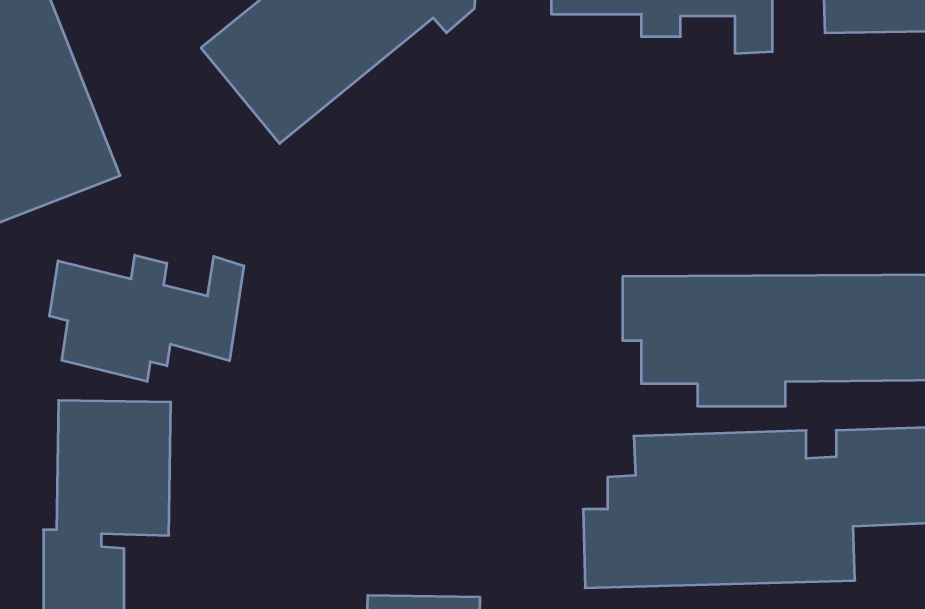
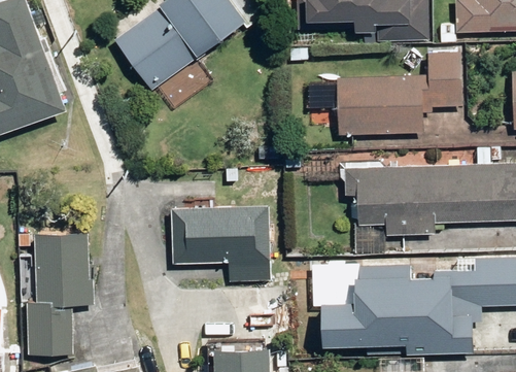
building: none -> [337,52,460,134]
building: [50,255,244,382] -> none
building: none -> [172,209,271,284]

